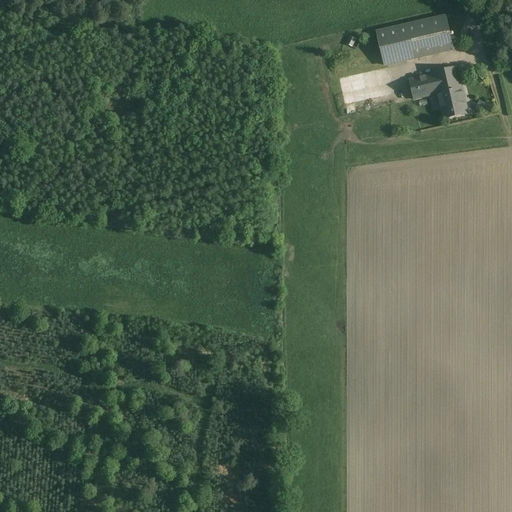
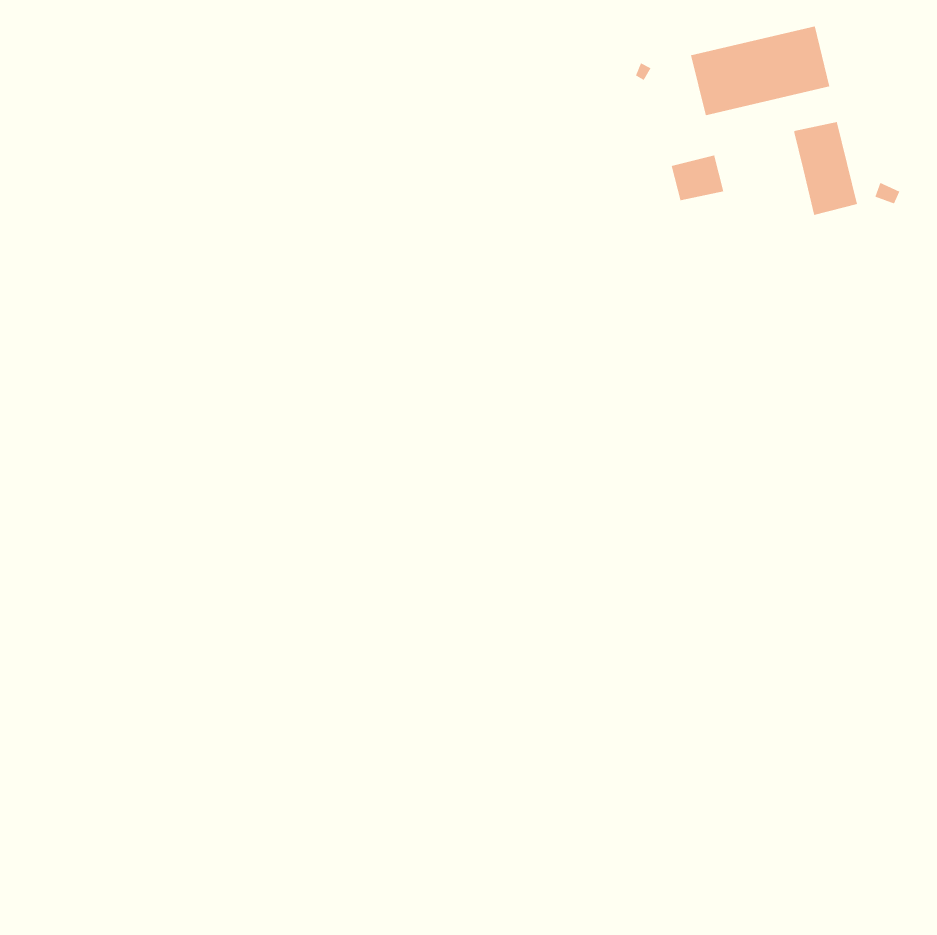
building: [407,72,436,97] -> [671,155,724,201]

